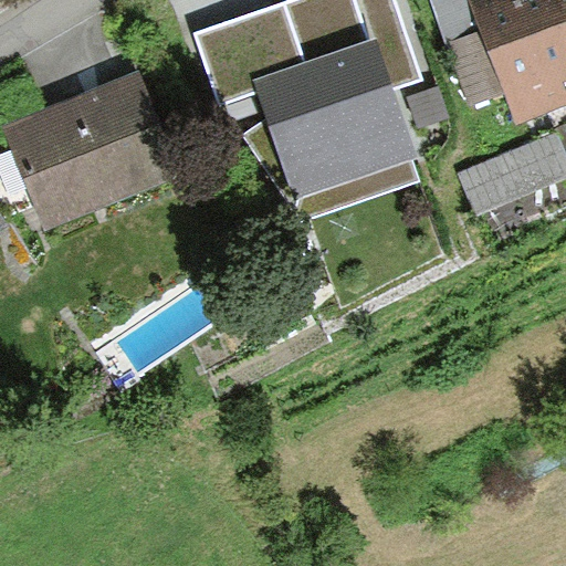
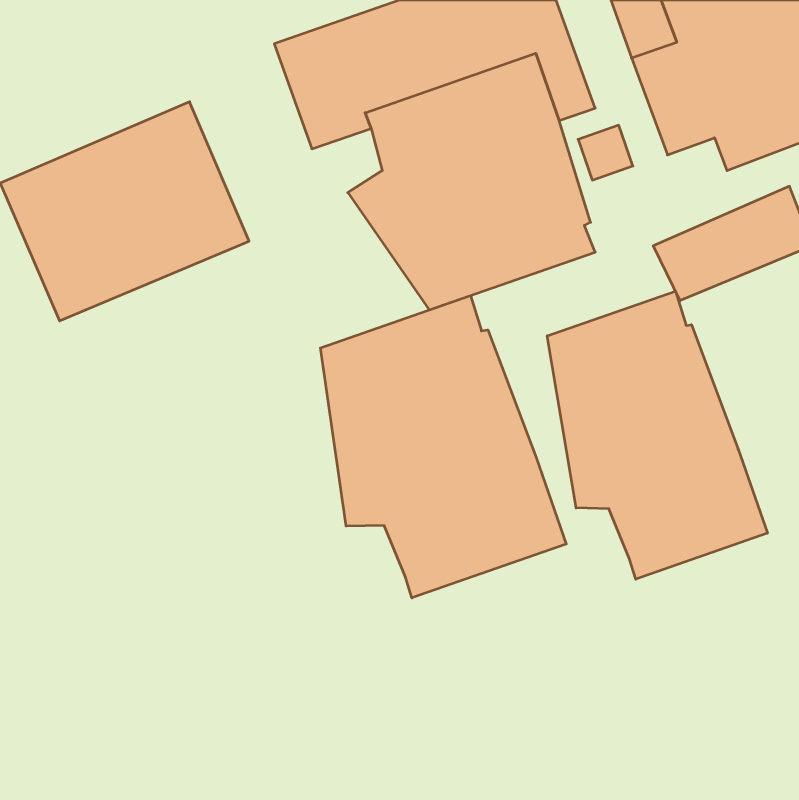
building: none -> [547,291,767,579]
building: none -> [320,296,566,598]

